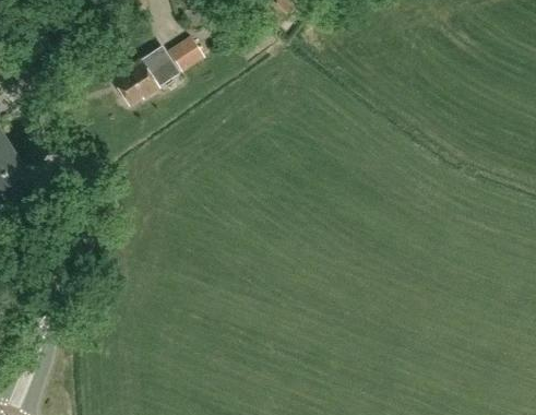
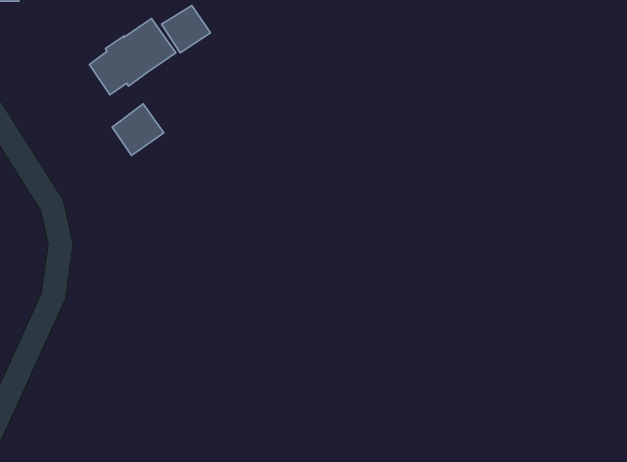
building: none -> [112,104,164,155]

